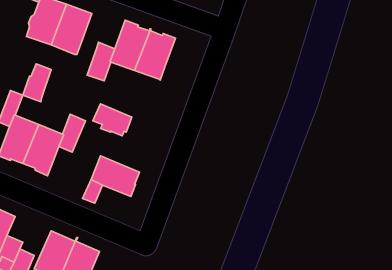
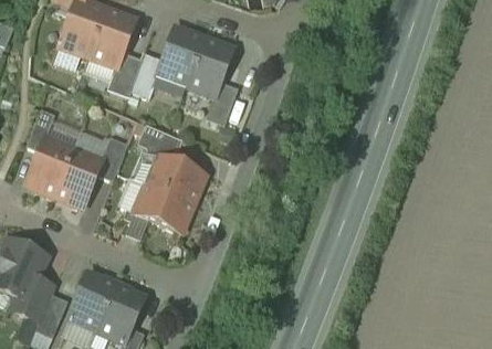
building: [23,64,51,102] -> [108,52,142,96]
building: none -> [206,81,239,125]
building: none -> [146,156,206,203]

